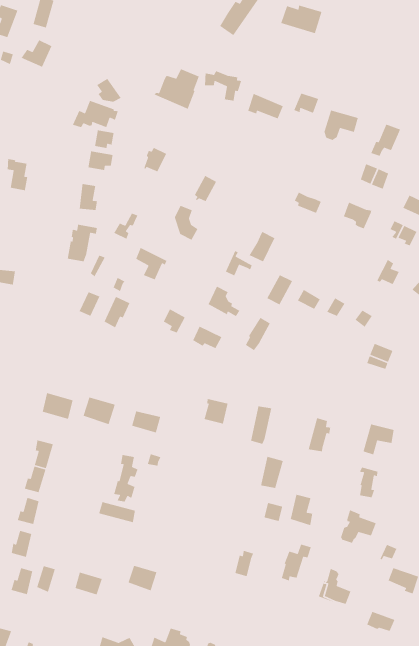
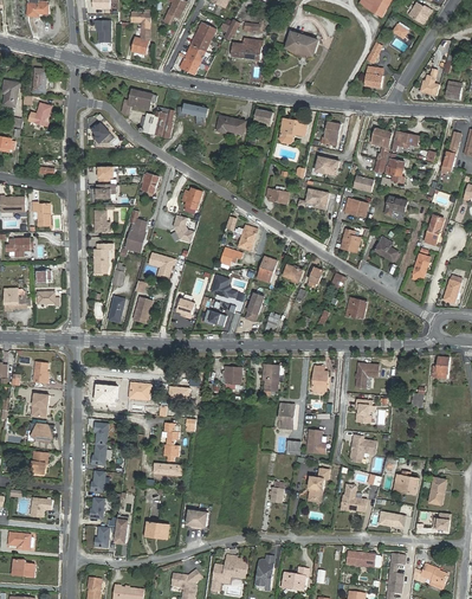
building: none -> [285,34,316,60]
building: [72,100,119,128] -> [119,90,155,114]

